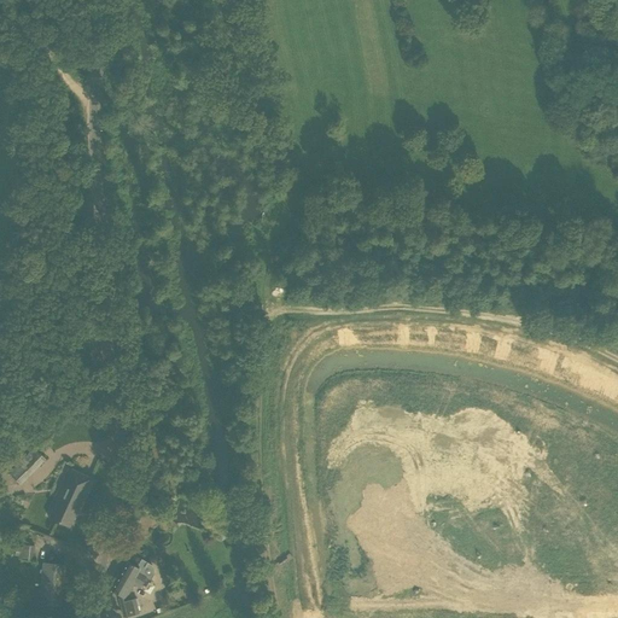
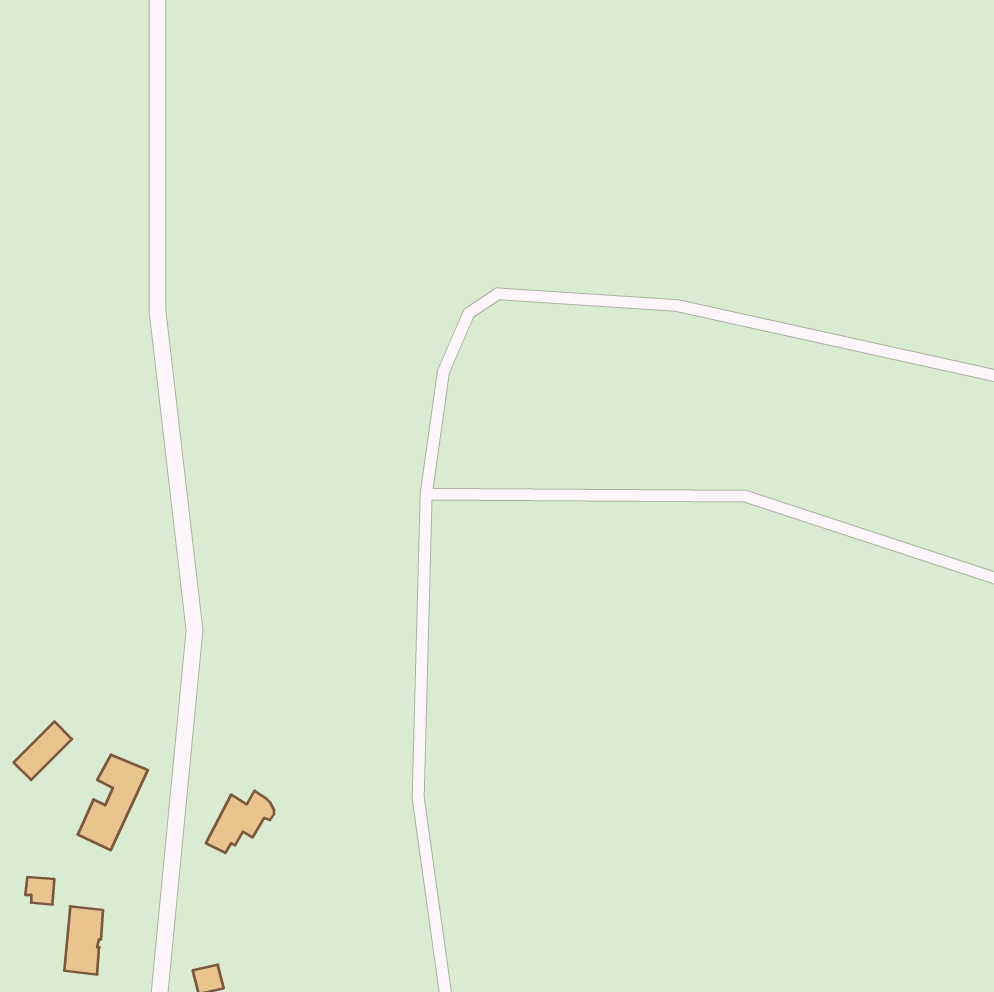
building: [111,560,153,599] -> [206,791,274,853]

